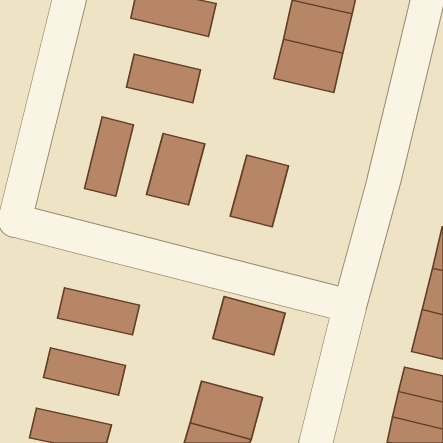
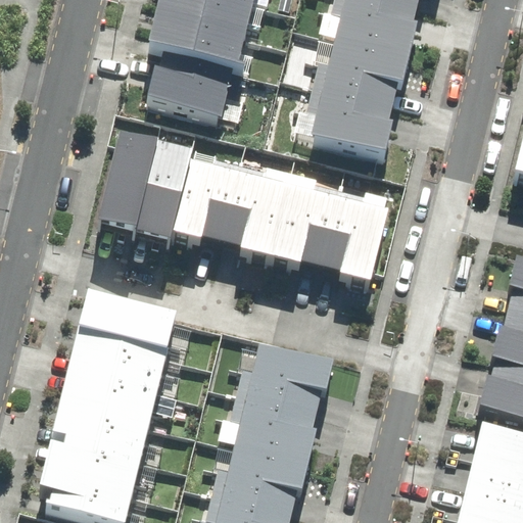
building: none -> [146,21,244,82]
building: none -> [311,92,391,154]
building: none -> [136,146,191,238]
building: none -> [221,169,289,253]
building: none -> [319,194,386,279]
building: none -> [76,302,172,358]
building: none -> [59,373,155,428]
building: none -> [236,396,321,466]
building: none -> [43,442,139,497]

